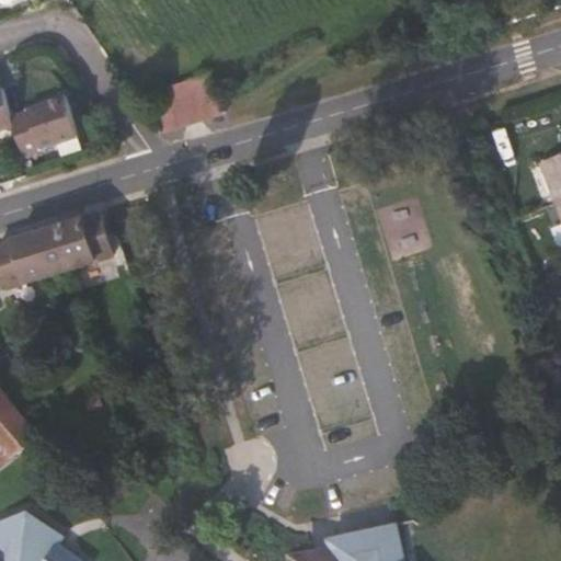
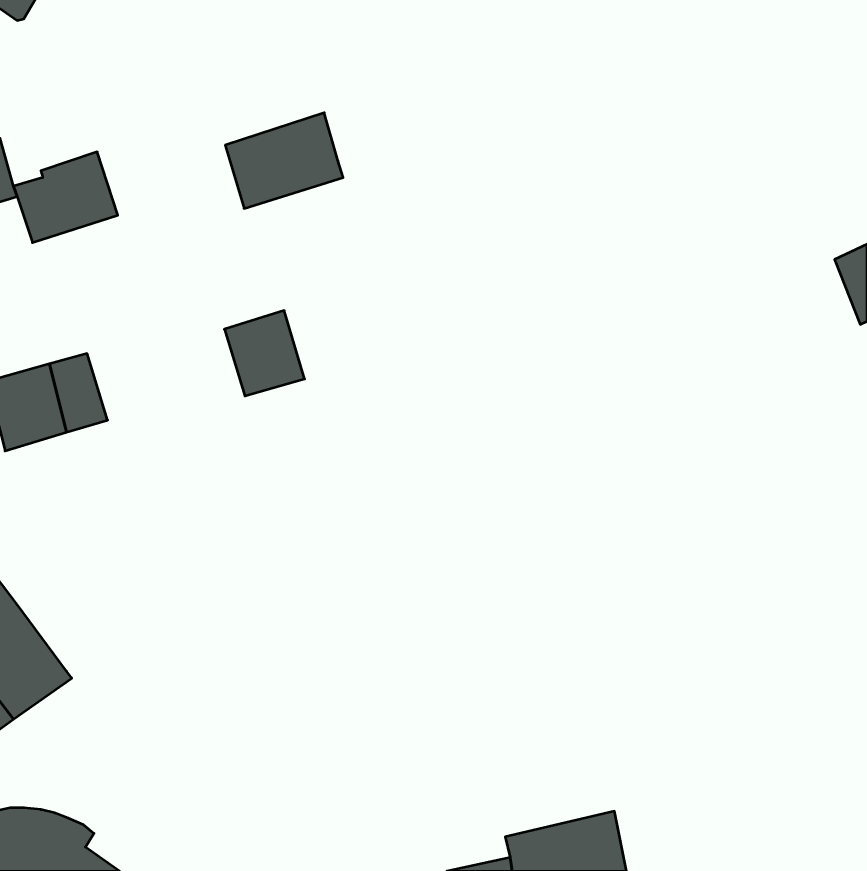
building: [56,215,107,270] -> [224,311,305,396]

